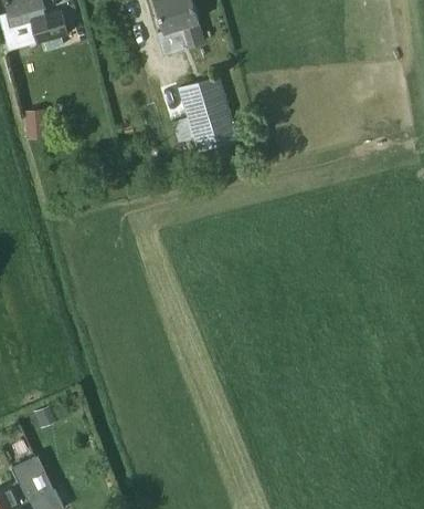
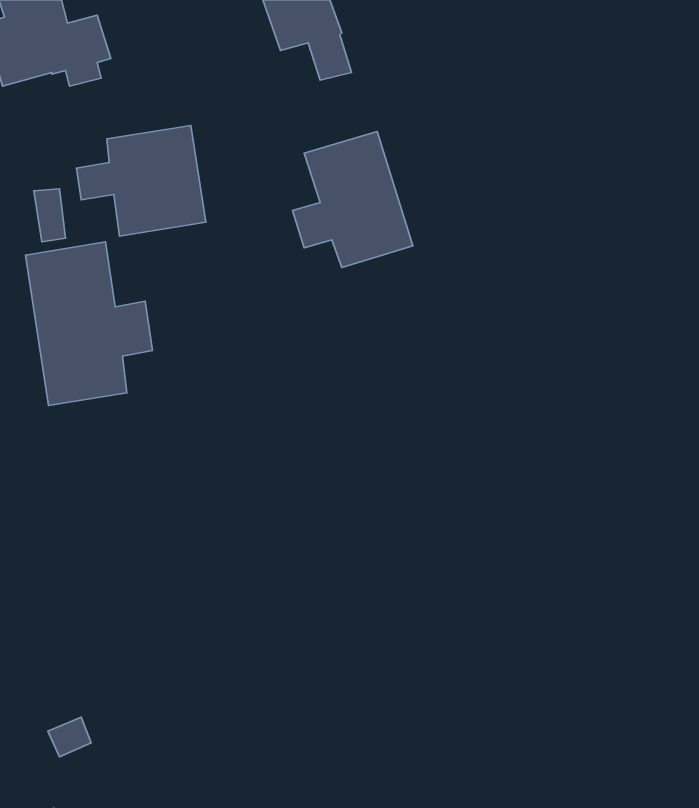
building: none -> [77,126,206,236]
building: none -> [26,242,153,405]

